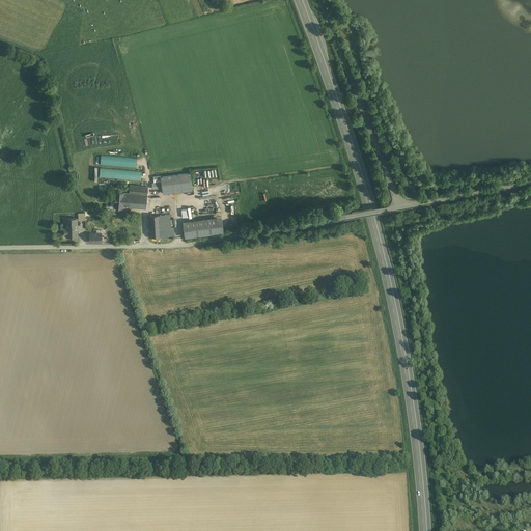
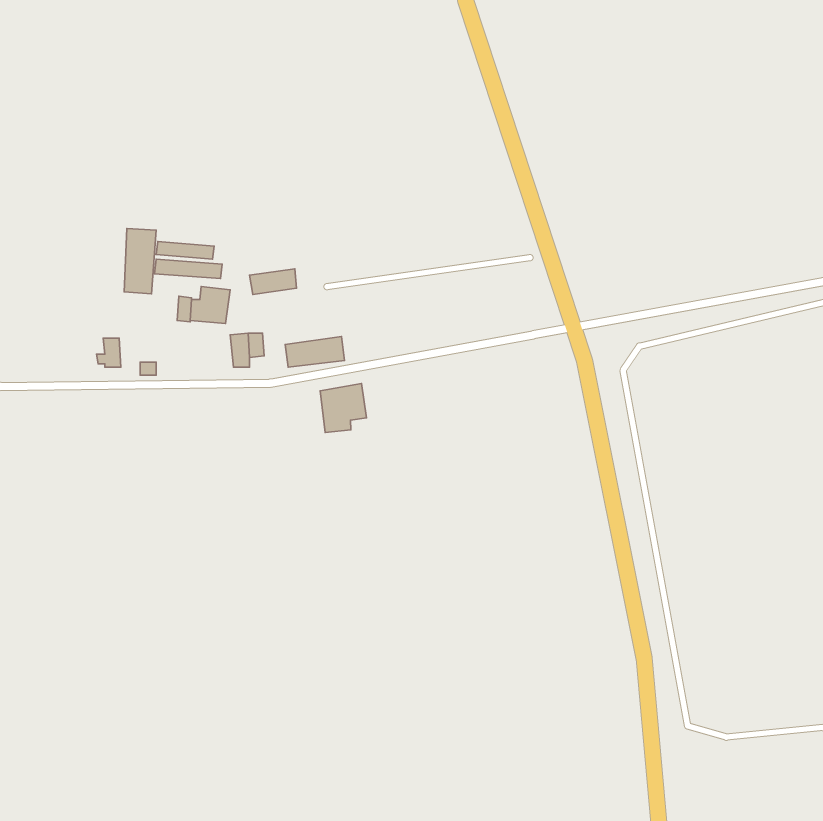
building: none -> [124,228,156,294]
building: none -> [320,384,366,433]

